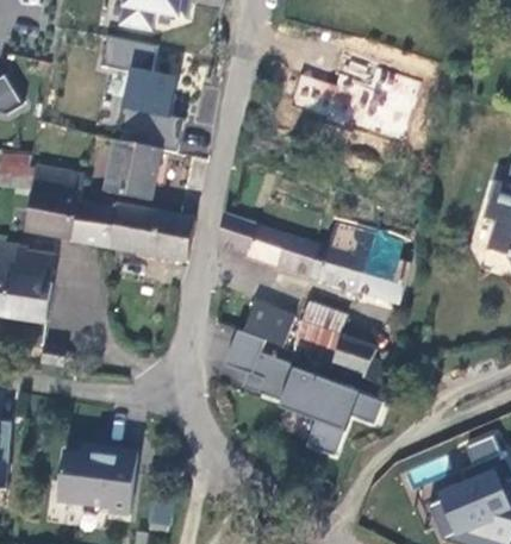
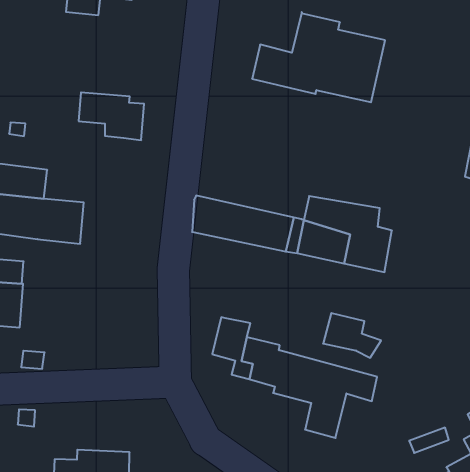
building: [100,35,176,110] -> none
building: [106,139,161,199] -> none
building: [110,205,195,258] -> none
building: [295,300,345,351] -> none
building: [242,305,288,343] -> none

